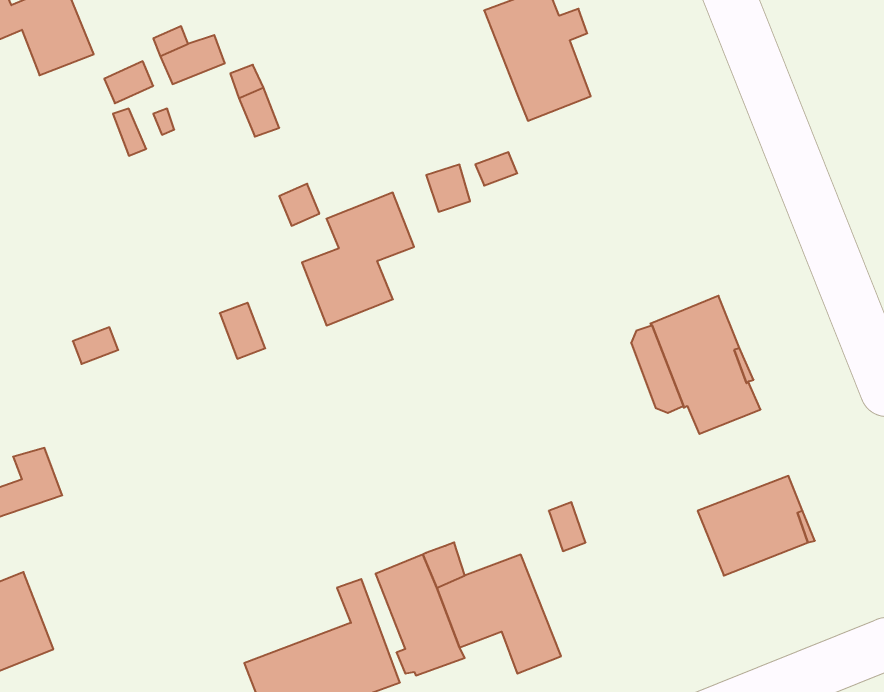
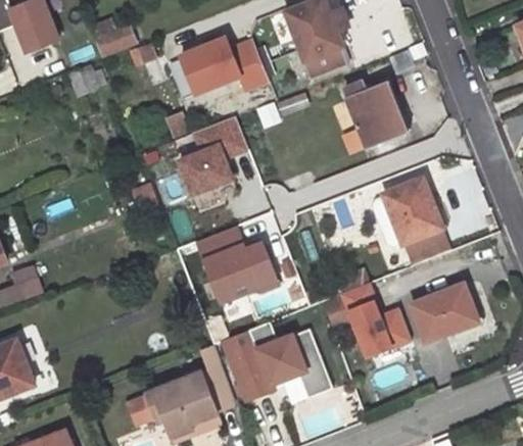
building: none -> [180,37,266,93]
building: none -> [344,82,405,147]
building: none -> [197,226,277,302]
building: none -> [343,282,412,356]

